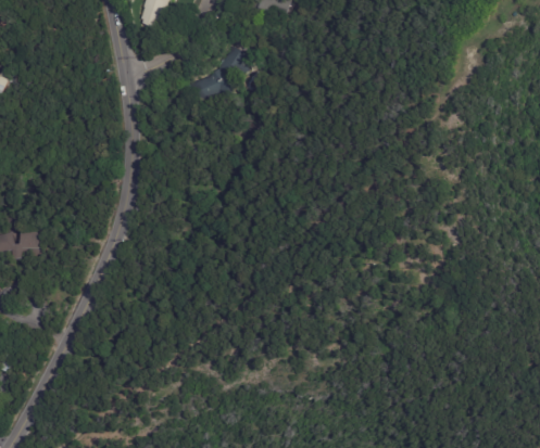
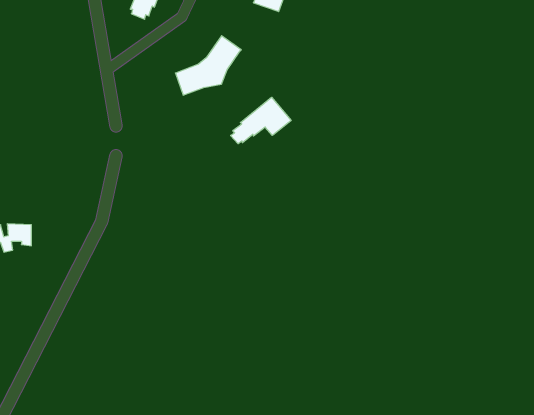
building: none -> [231,97,291,144]

